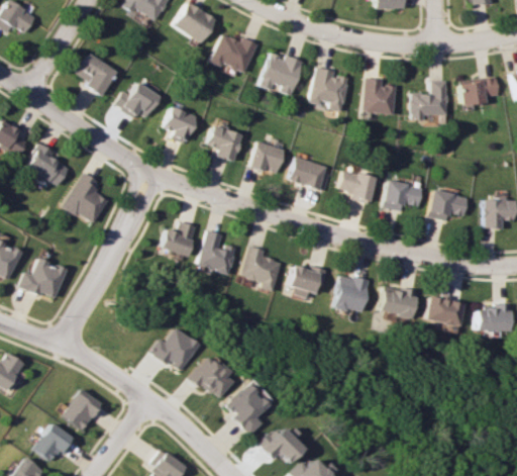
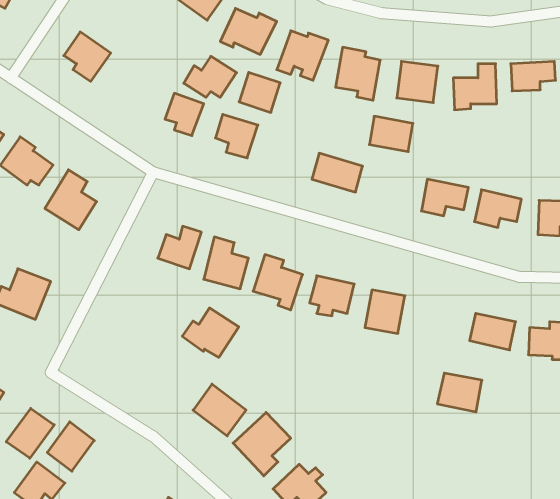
building: [115,82,161,117] -> [184,56,237,97]
building: [250,140,286,175] -> [239,72,280,112]
building: [339,170,377,200] -> [369,116,413,152]
building: [379,285,417,318] -> [437,373,482,412]
building: [148,327,197,370] -> [182,308,239,357]
building: none -> [6,408,54,458]

